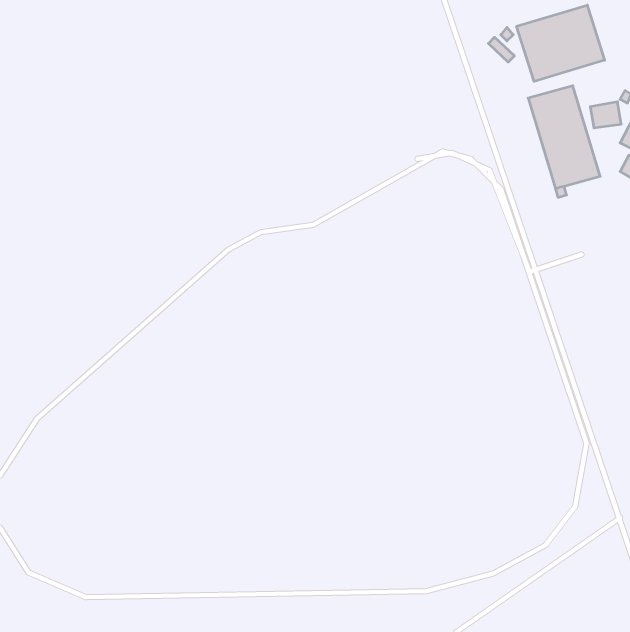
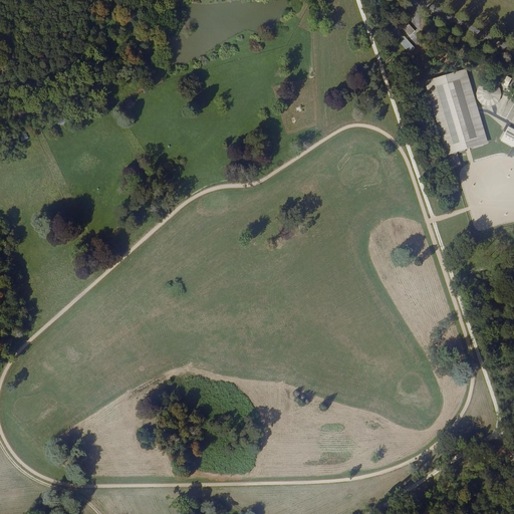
building: [517,5,605,81] -> none

